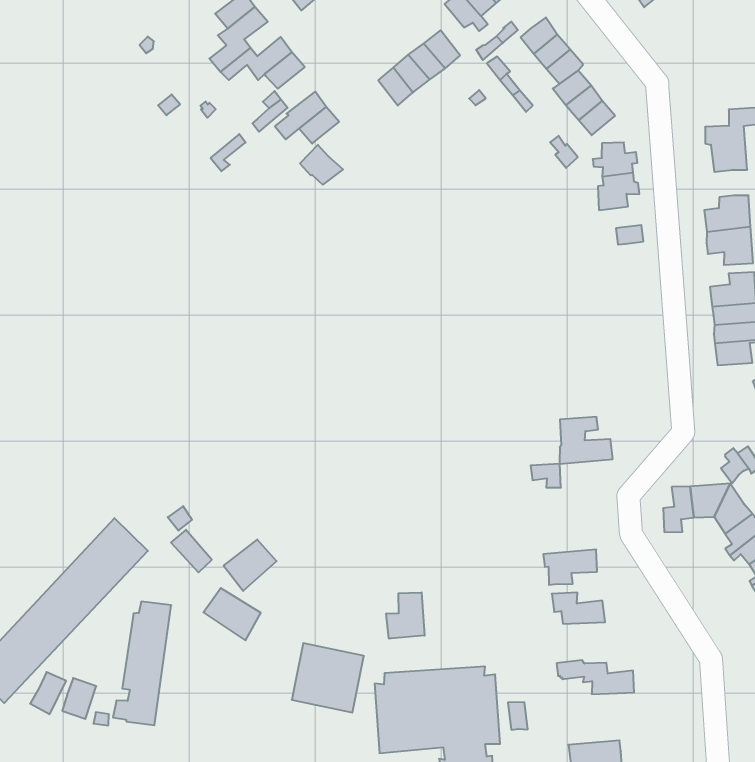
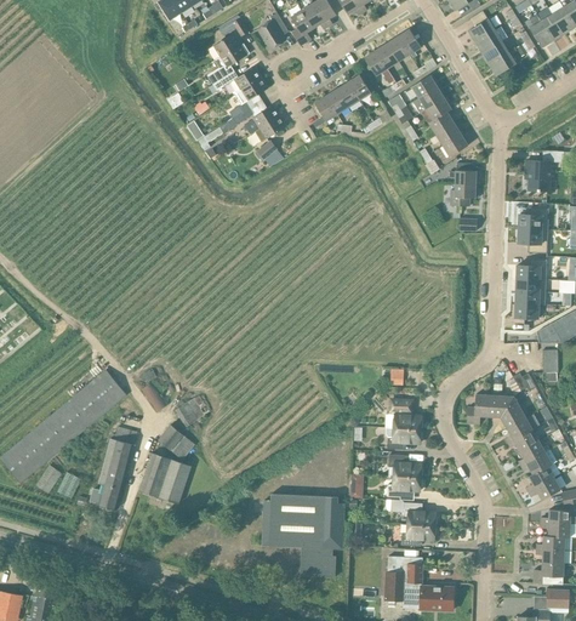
building: [560,417,613,464] -> [386,399,421,429]
building: [386,592,425,639] -> none
building: none -> [387,475,421,497]
building: [292,643,364,713] -> [139,454,190,503]
building: none -> [400,524,434,546]

